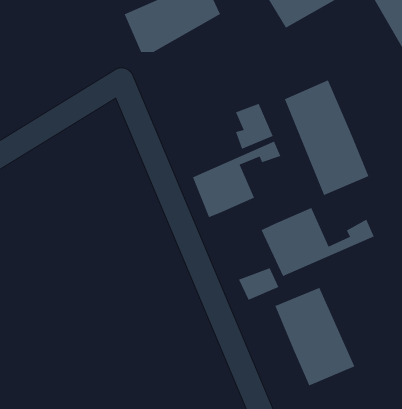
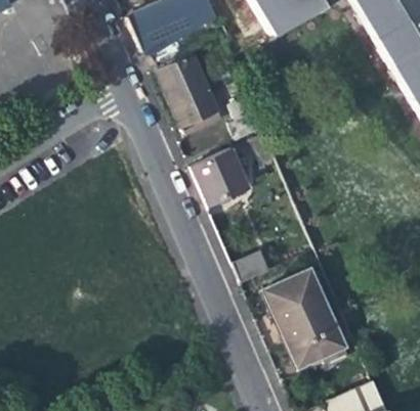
building: none -> [158,57,213,133]
building: [284,79,369,196] -> none
building: [261,207,374,277] -> none

